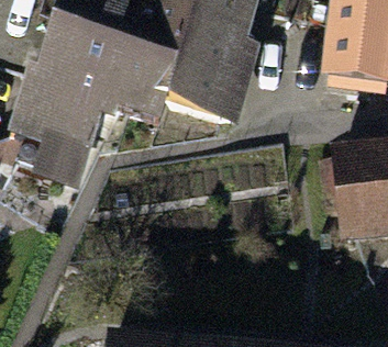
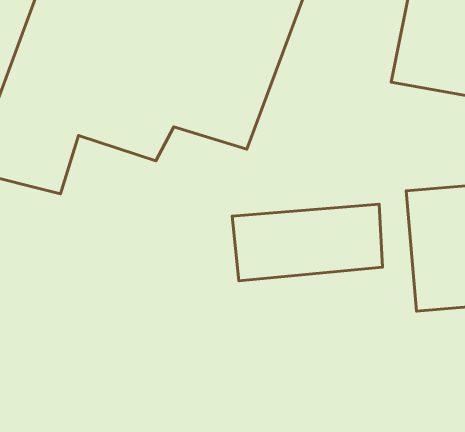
building: none -> [232,204,383,281]

